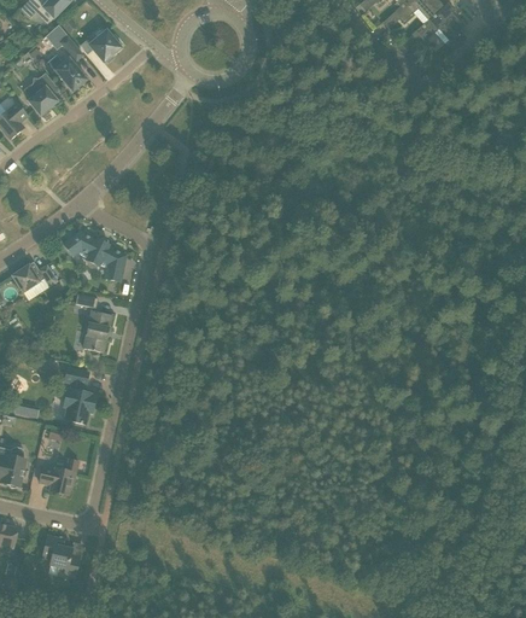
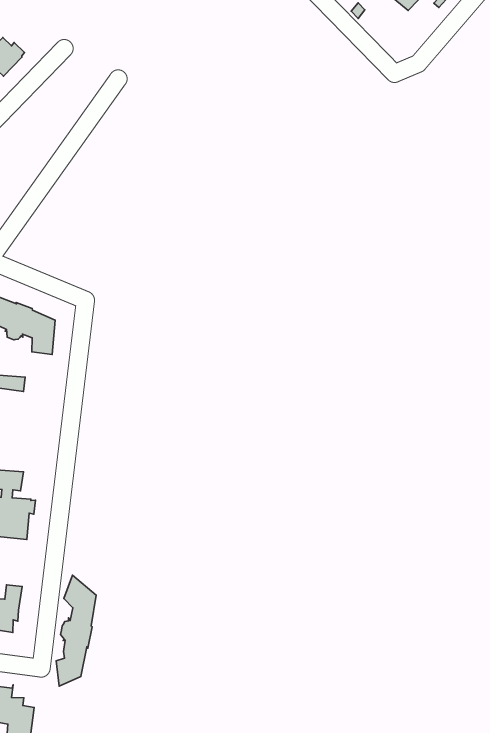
building: [82,310,111,351] -> none
building: none -> [56,575,96,686]

